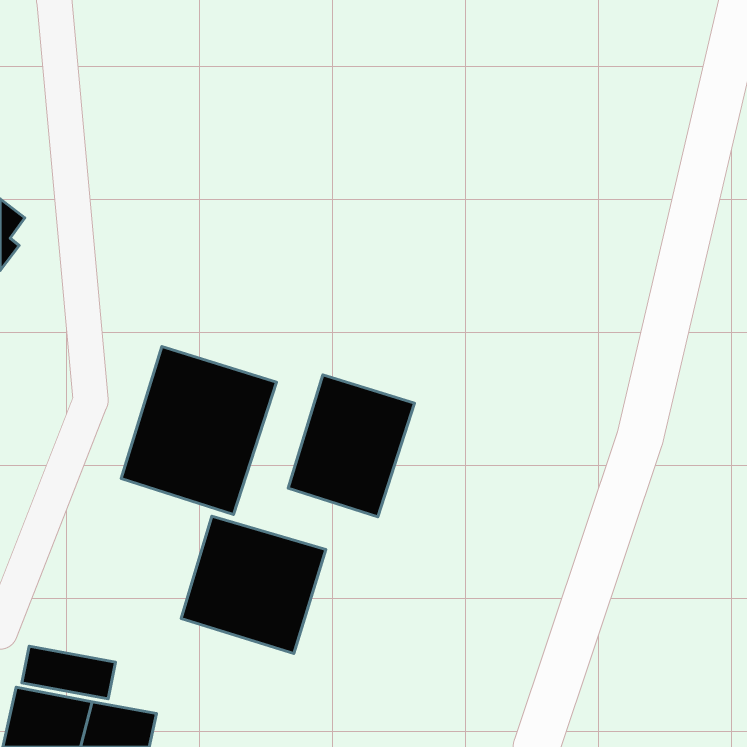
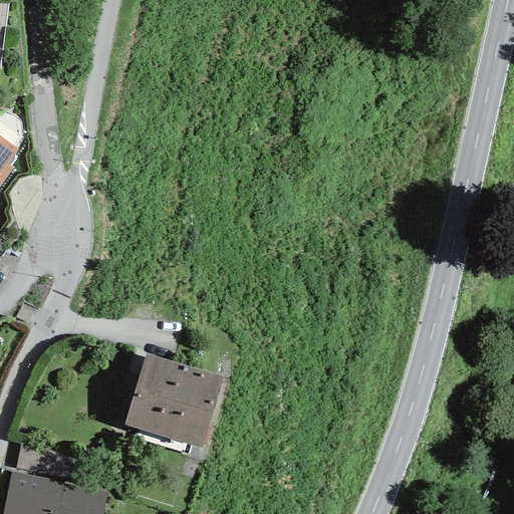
building: [121,346,277,514] -> none
building: [288,375,415,517] -> none

